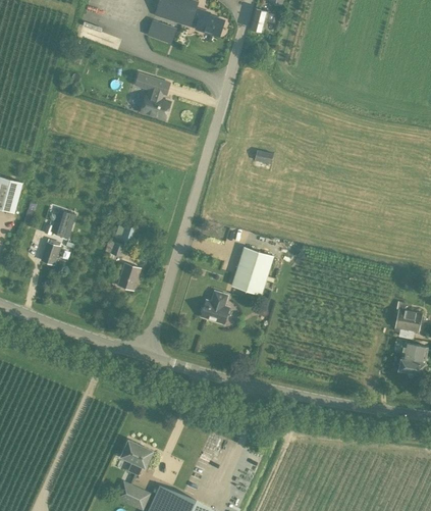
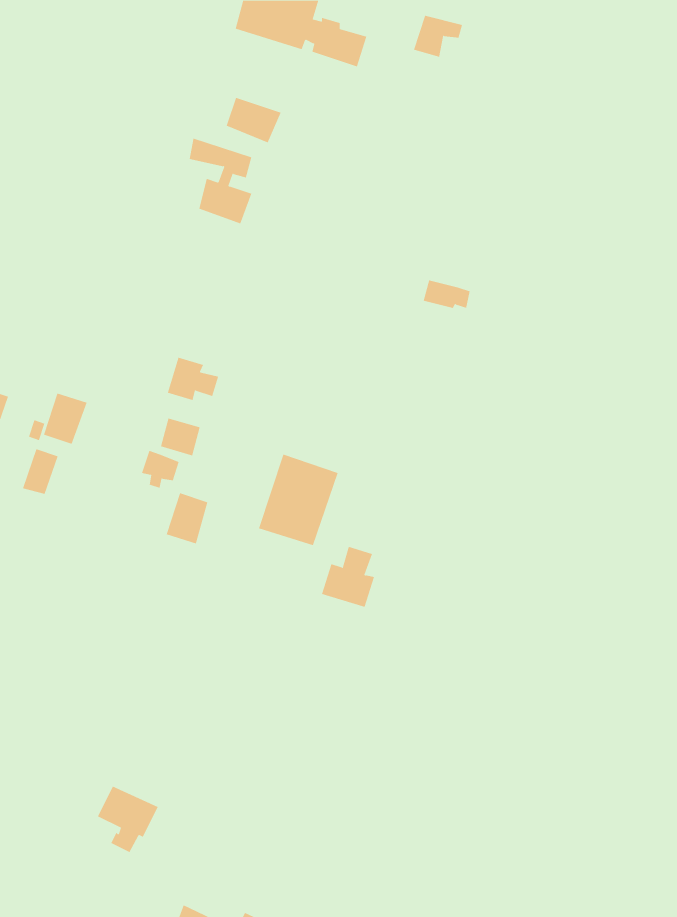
building: [148,19,177,44] -> [226,97,281,143]
building: none -> [167,357,219,401]
building: [231,246,274,295] -> [258,454,339,546]
building: [121,440,154,475] -> [97,786,158,853]

